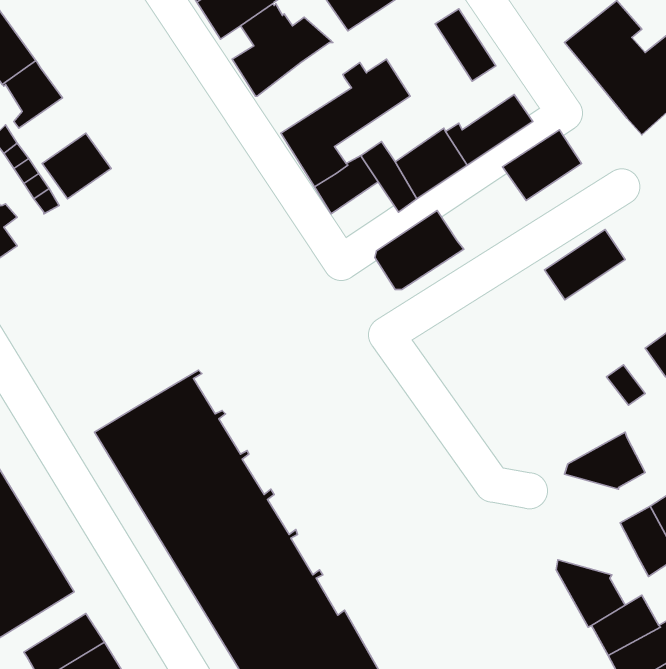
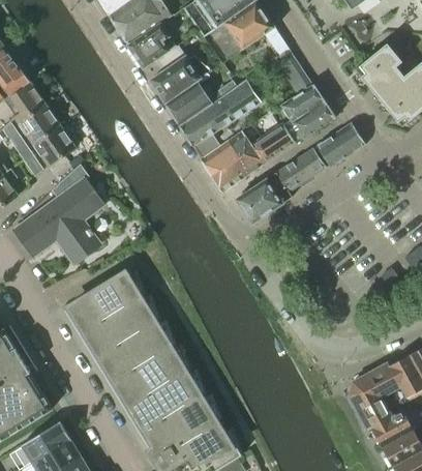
building: none -> [165,82,223,125]
building: none -> [280,84,324,123]
building: none -> [19,104,60,144]
building: none -> [211,155,252,194]
building: none -> [16,164,99,262]
building: [545,229,625,300] -> [276,148,326,192]
building: [565,432,645,489] -> [351,362,400,398]

